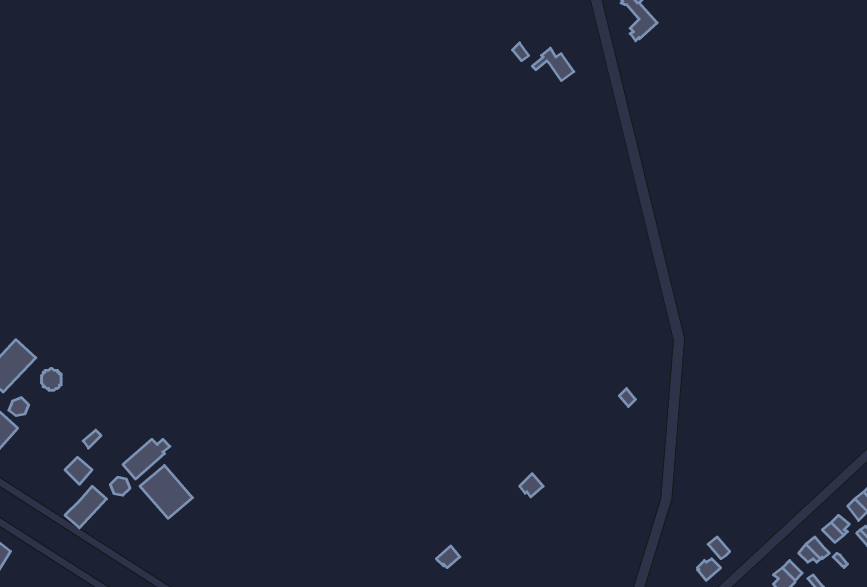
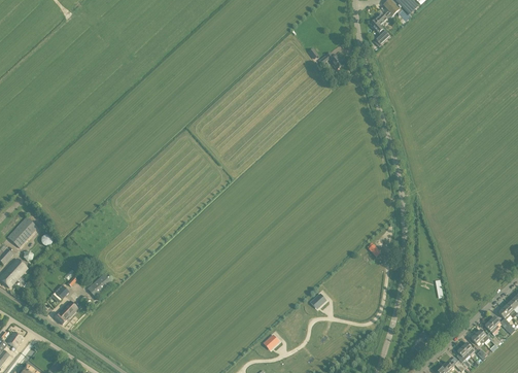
building: [140,465,193,518] -> none

